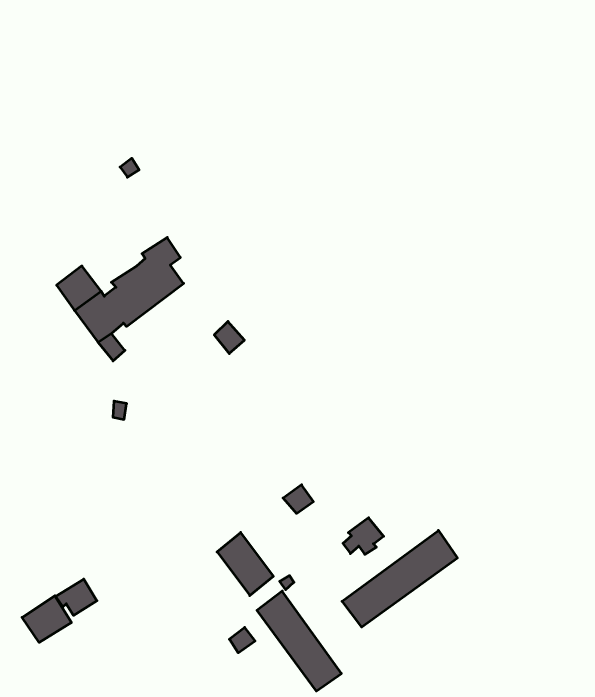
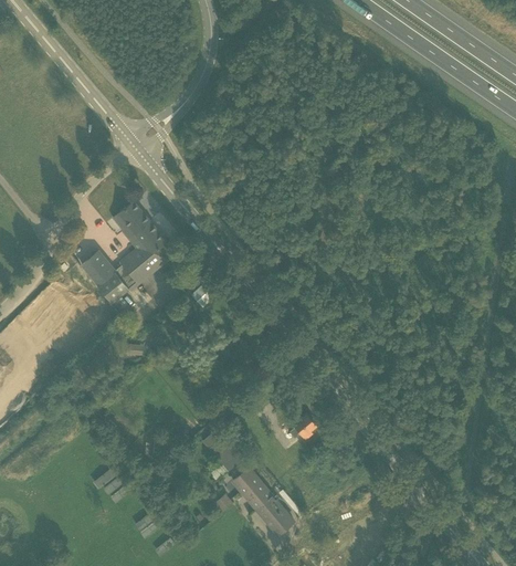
building: none -> [118,200,155,248]
building: [342,530,457,627] -> none
building: [22,596,71,642] -> none

